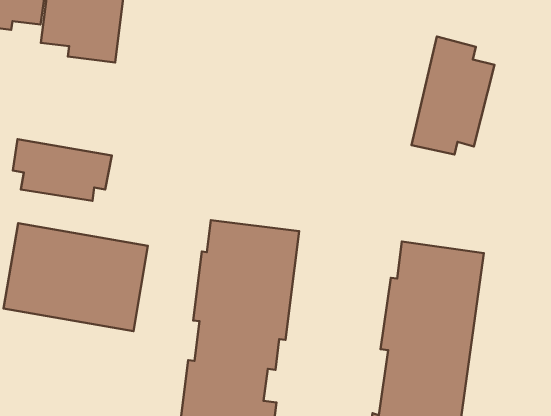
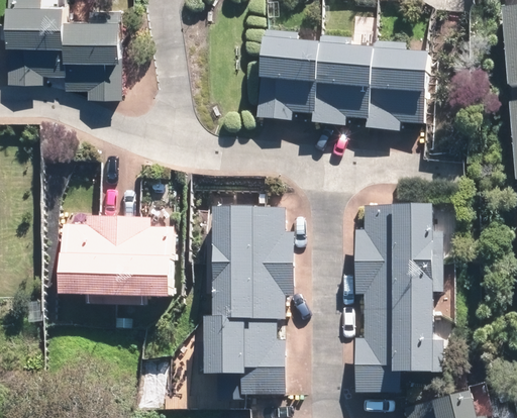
building: none -> [255,30,312,120]
building: none -> [308,35,365,125]
building: [13,139,112,201] -> none

